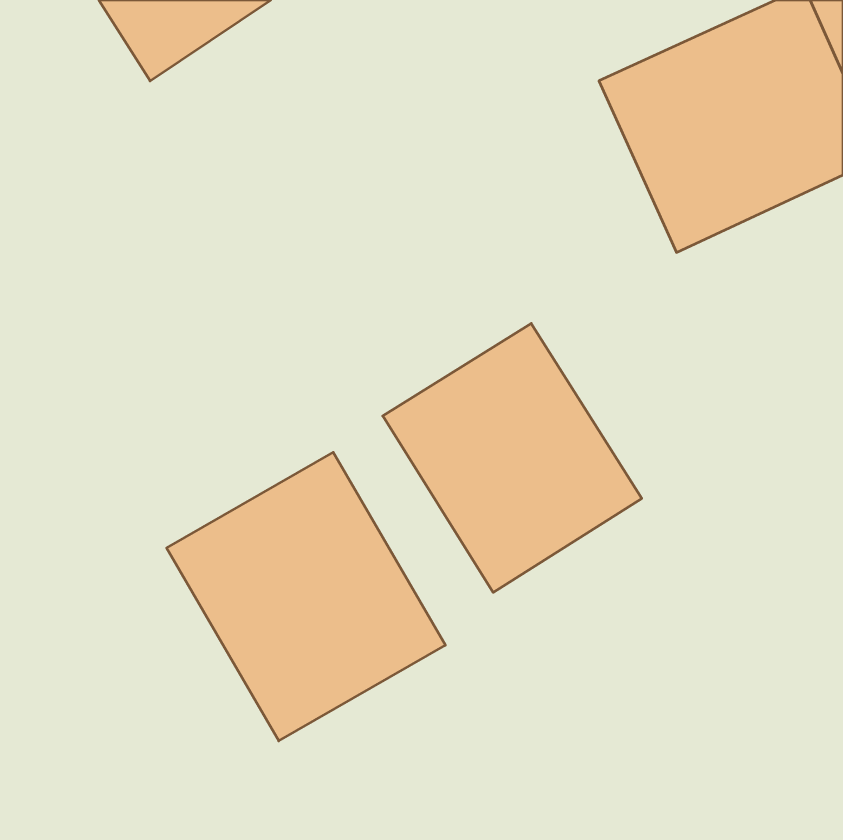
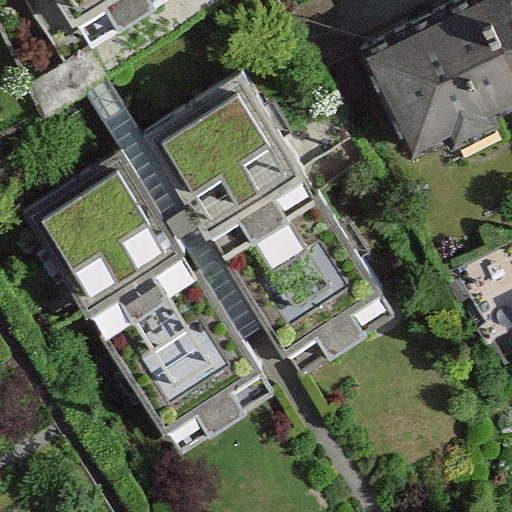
building: none -> [157,78,309,233]
building: none -> [27,149,183,305]

